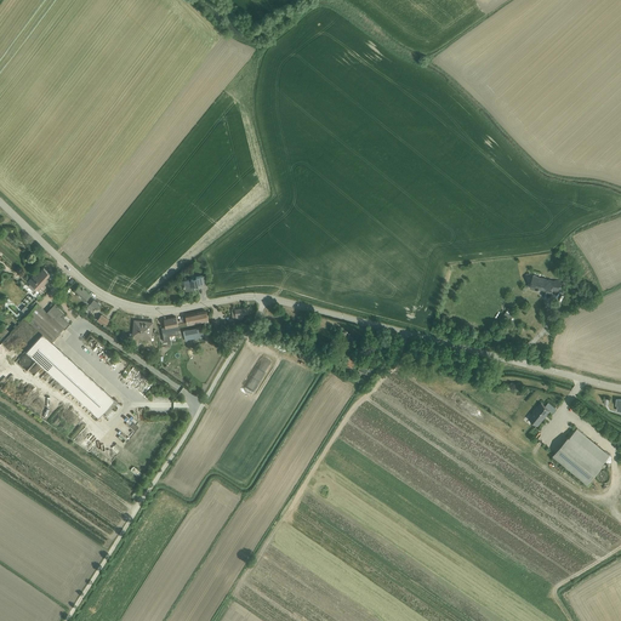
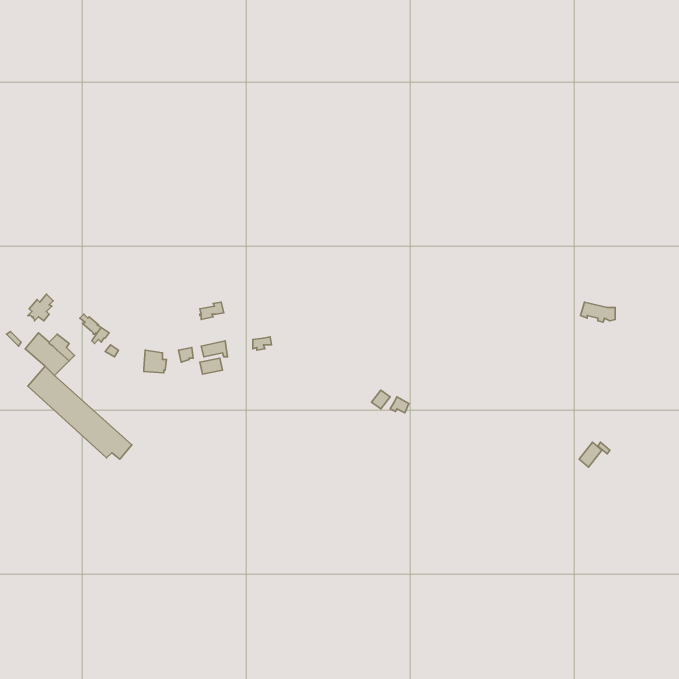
building: [552,429,609,485] -> none

